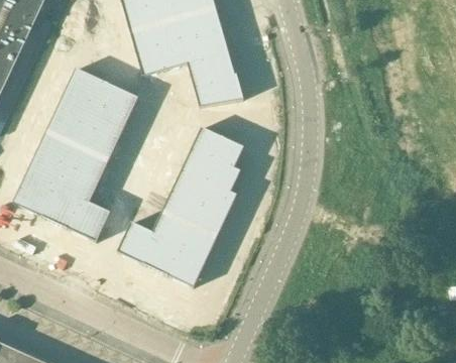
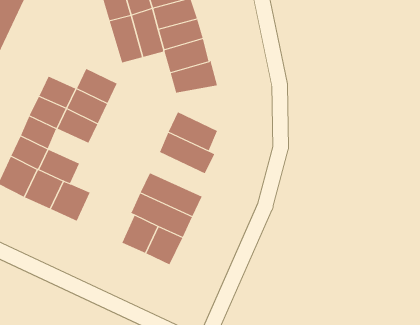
building: [66,68,105,102] -> none
building: [66,144,108,180] -> none
building: [172,168,237,215] -> none
building: [117,221,155,263] -> none

